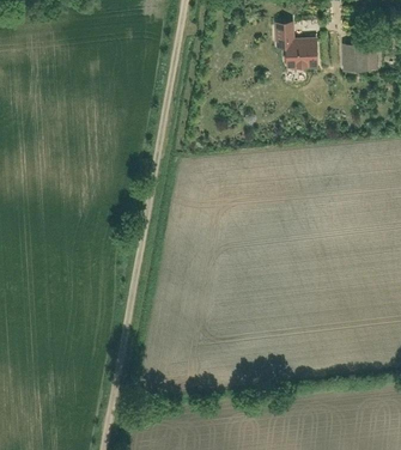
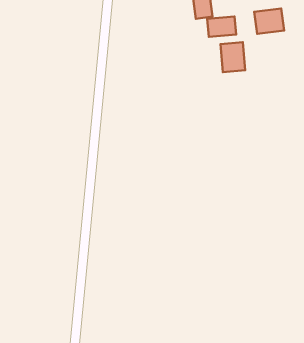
building: none -> [220,42,245,72]

